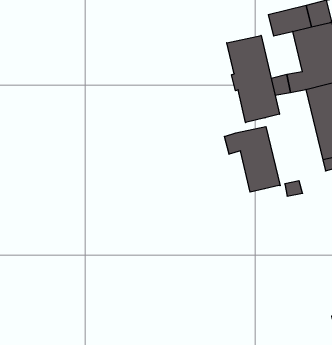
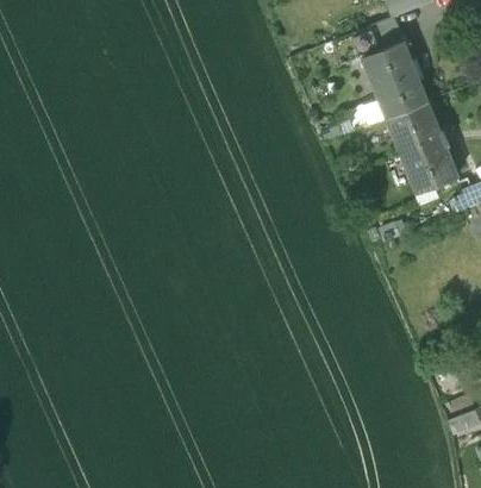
building: [227,35,279,123] -> none
building: [224,127,280,192] -> none

